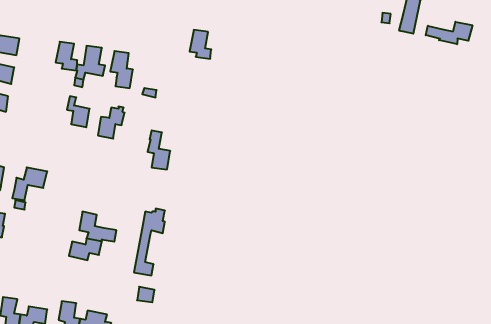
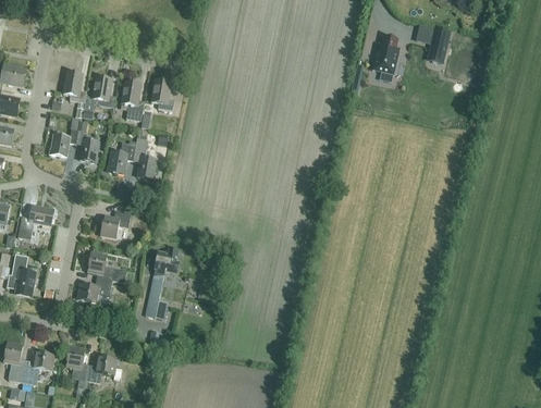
building: none -> [372,35,399,73]
building: [426,22,472,44] -> none
building: [190,30,211,59] -> [151,78,174,109]
building: none -> [50,127,78,156]
building: [148,130,170,169] -> [133,136,157,177]
building: none -> [100,209,131,237]
building: none -> [12,252,36,294]

